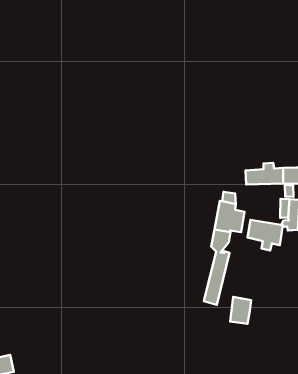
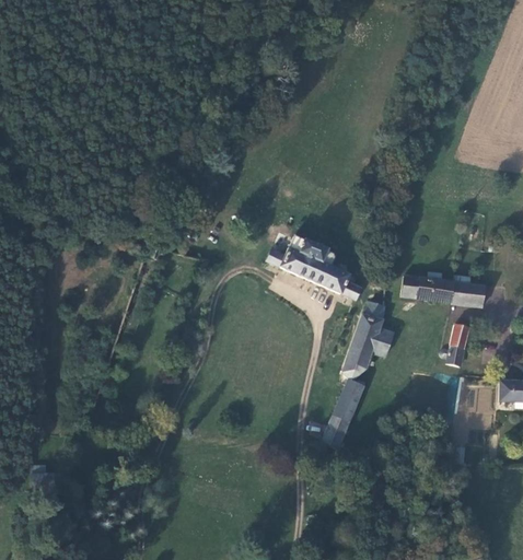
building: none -> [265,234,362,301]
building: [247,220,283,251] -> none
building: [230,297,251,324] -> none

